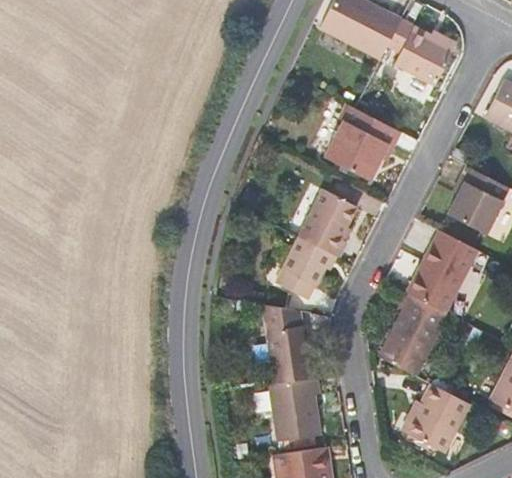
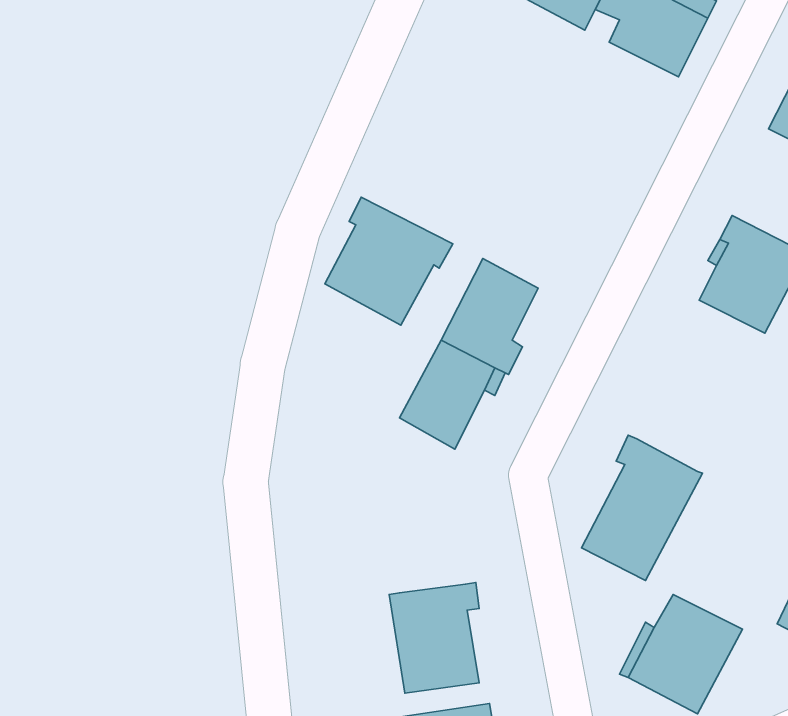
building: [327,104,401,178] -> [325,197,453,325]
building: [411,231,478,313] -> none
building: [262,303,312,383] -> none

